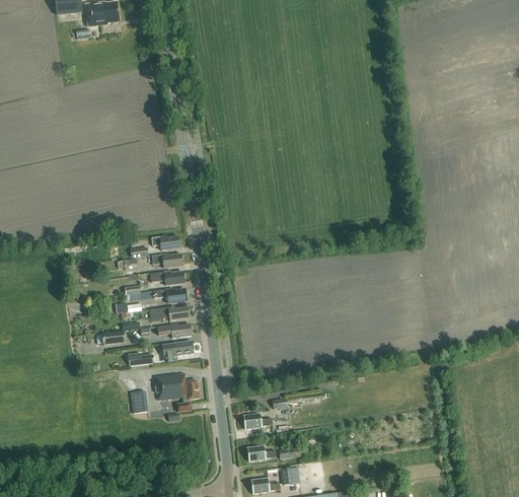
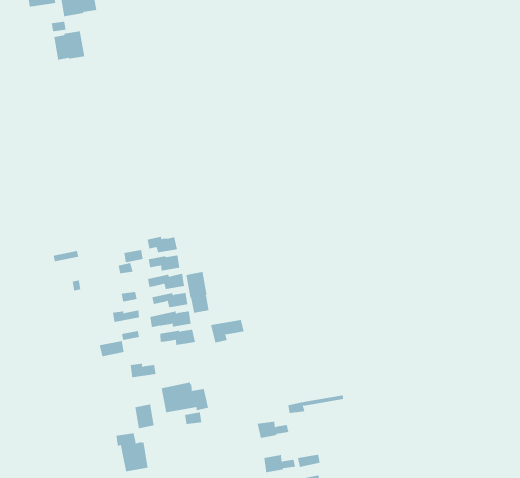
building: none -> [54,30,85,61]
building: none -> [186,271,209,314]
building: [162,342,194,362] -> [210,320,245,343]
building: none -> [116,433,148,472]

